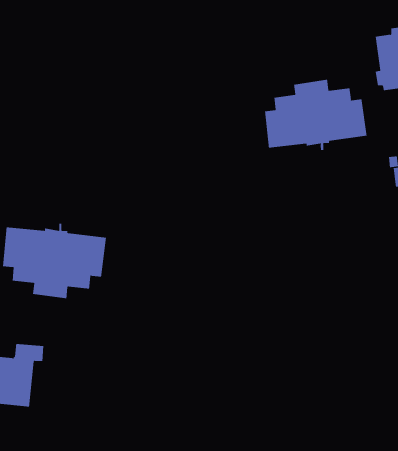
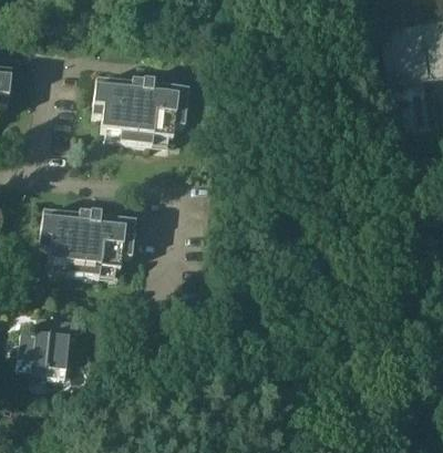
building: [264,79,367,151] -> none
building: none -> [92,75,188,145]

